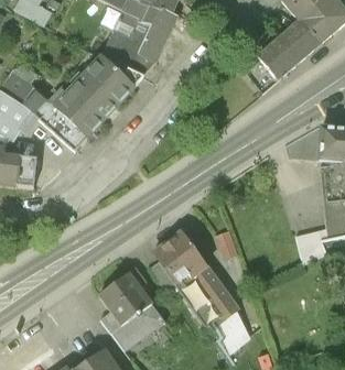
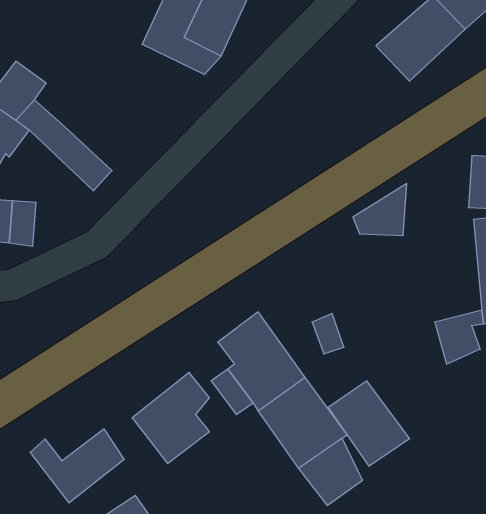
building: [54,58,131,135] -> none
building: [285,126,321,160] -> [353,183,407,236]
building: none -> [328,381,410,466]
building: [100,306,162,355] -> [30,429,124,503]

